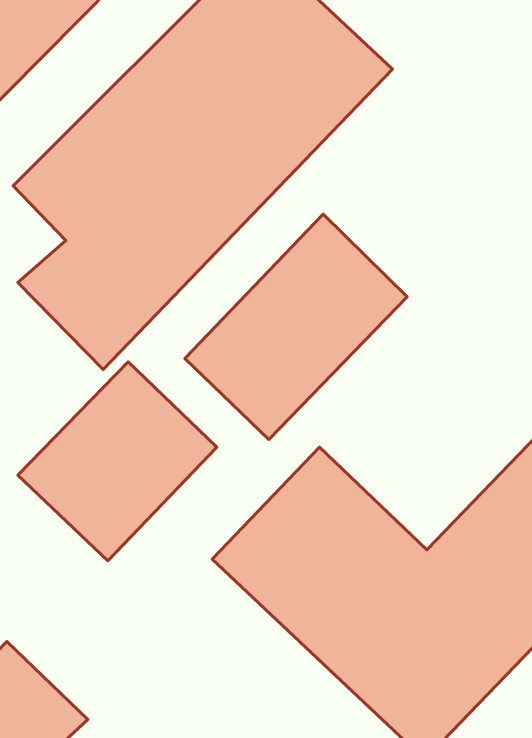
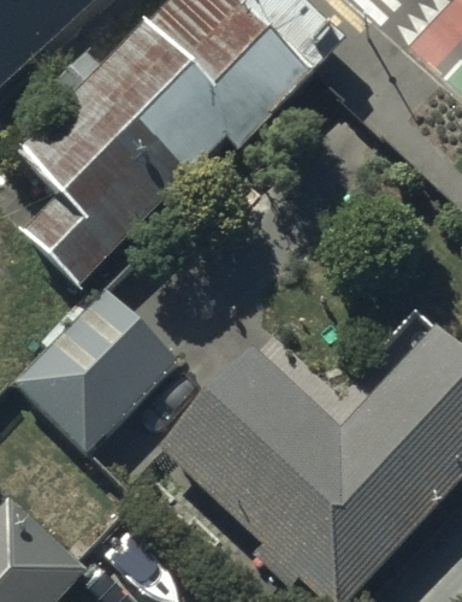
building: [185,214,407,439] -> none

